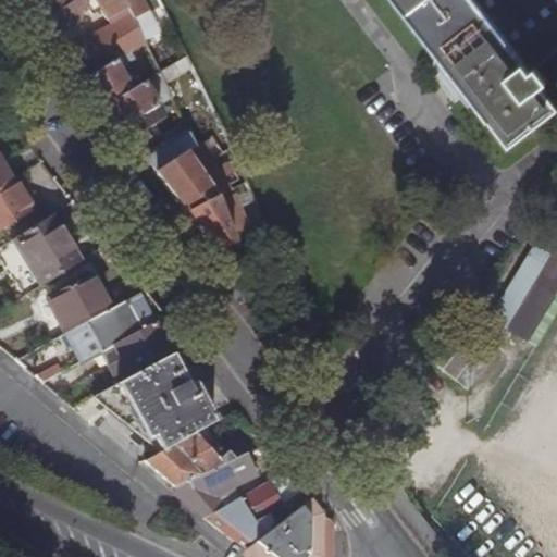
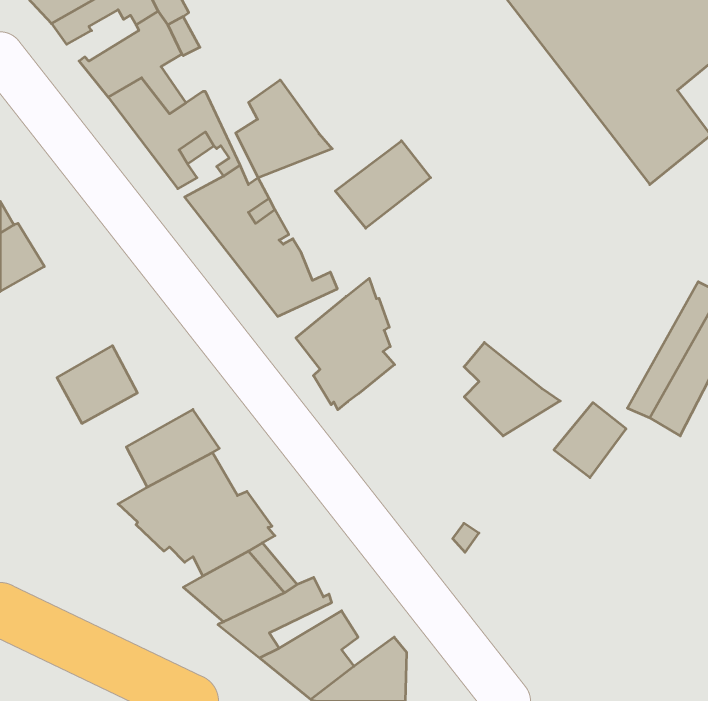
building: none -> [236,80,332,178]
building: none -> [335,141,431,228]
building: [15,213,82,284] -> none
building: none -> [296,278,395,410]
building: none -> [464,342,560,436]
building: [65,288,165,360] -> none

